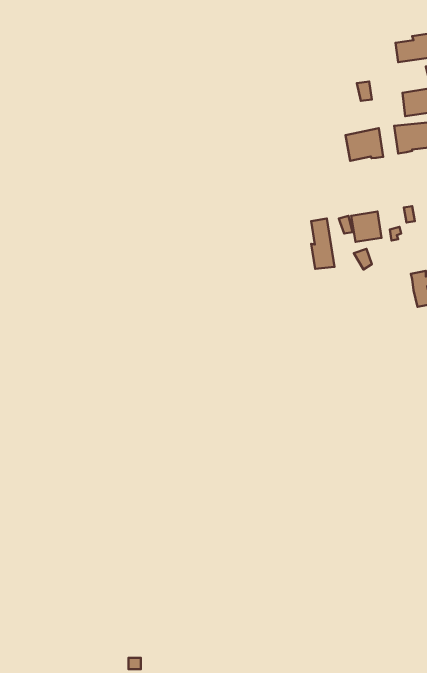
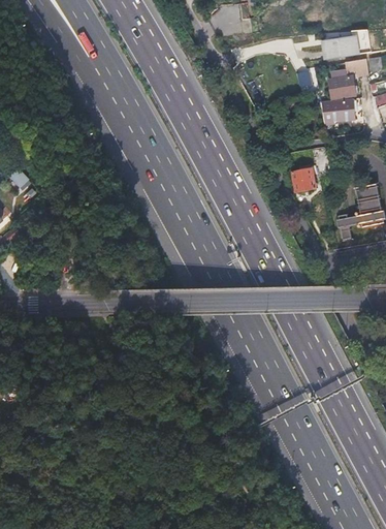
building: [345,128,383,161] -> none
building: [311,218,334,269] -> none

